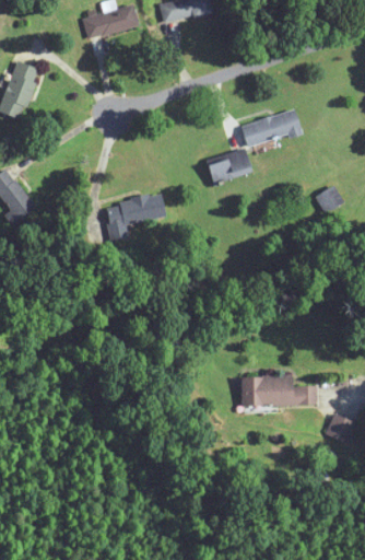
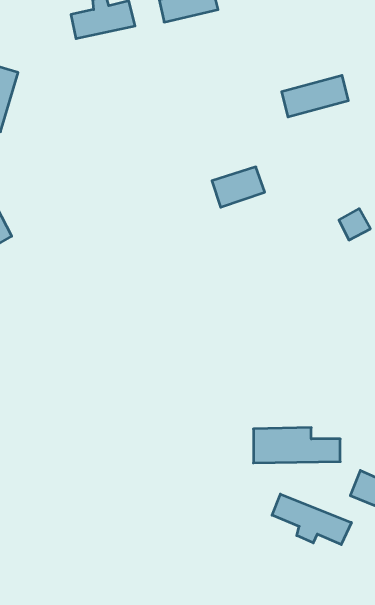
building: [242,110,299,147] -> [282,75,348,117]
building: [106,195,164,241] -> none
building: none -> [272,494,351,545]

